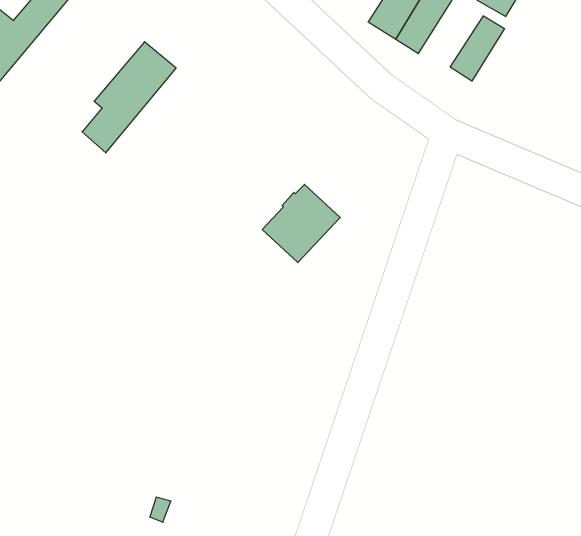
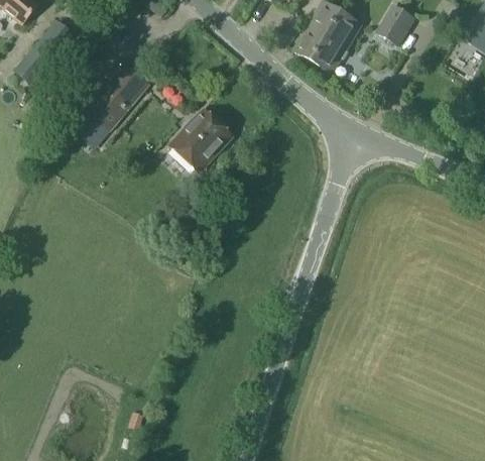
building: [450,16,505,81] -> none
building: [262,184,340,263] -> [170,111,230,170]

